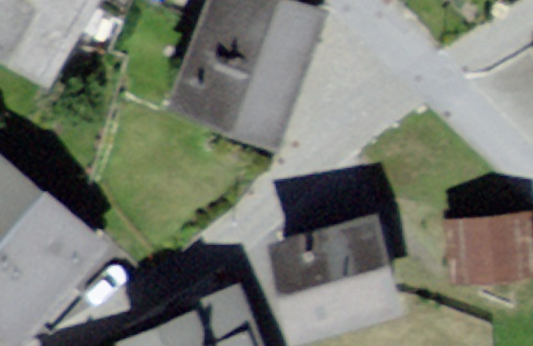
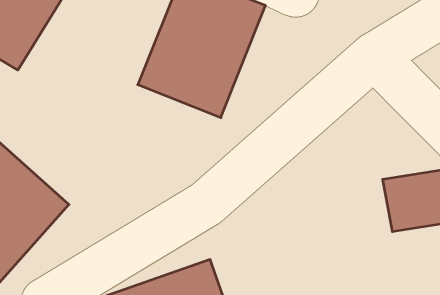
building: [259,214,406,336] -> none

